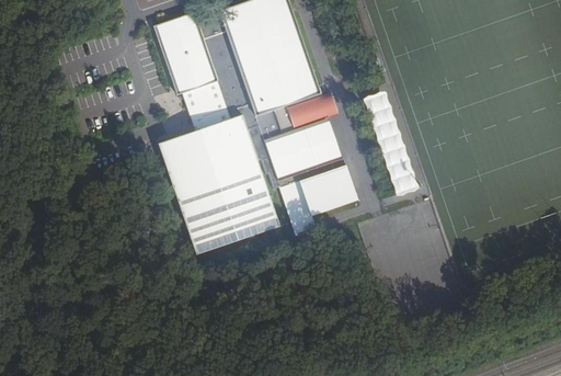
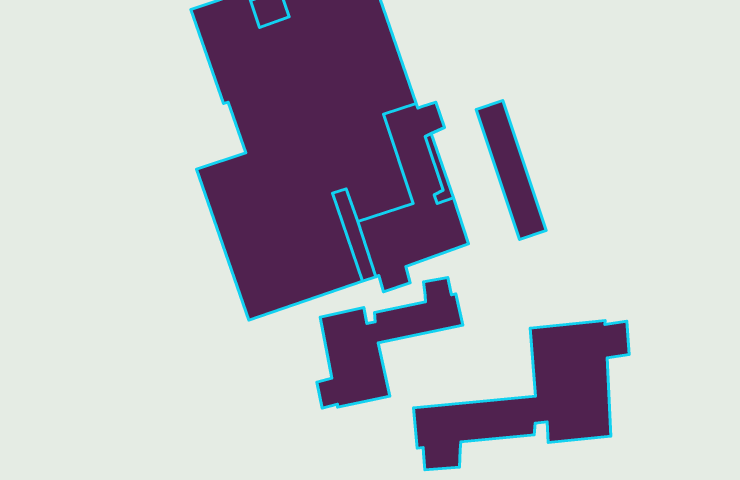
building: none -> [317,277,463,408]
building: none -> [414,321,629,470]

